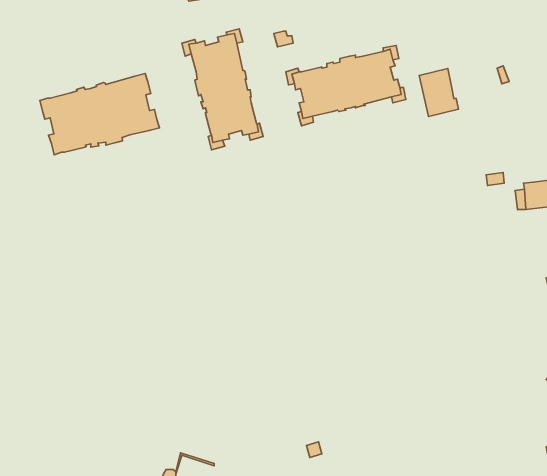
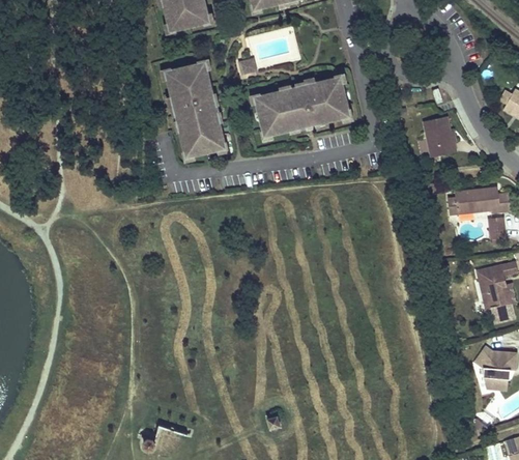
building: [419,68,459,116] -> [423,116,457,157]
building: [40,74,159,155] -> none

